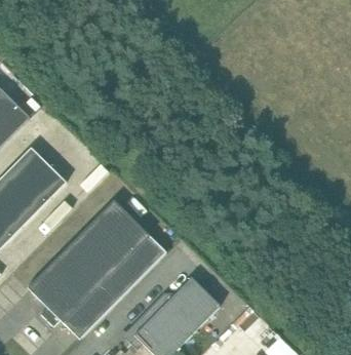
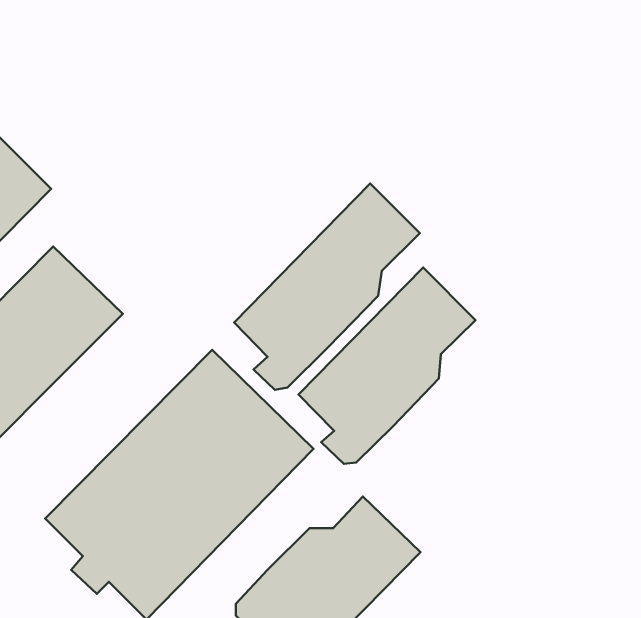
building: none -> [234,184,420,390]
building: none -> [299,268,476,464]

